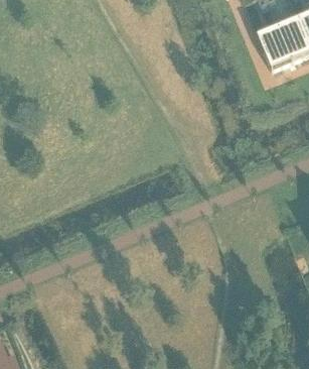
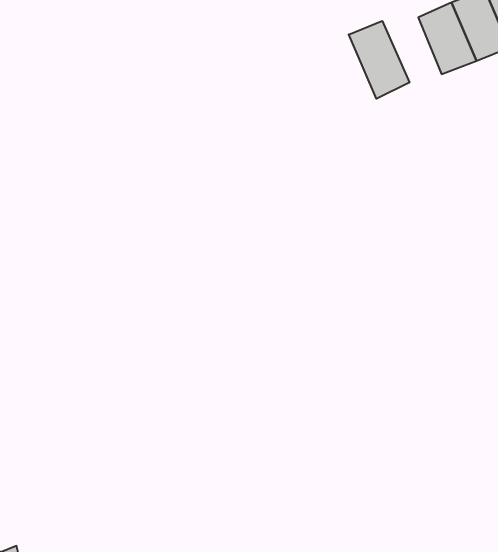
building: none -> [349,21,409,99]

